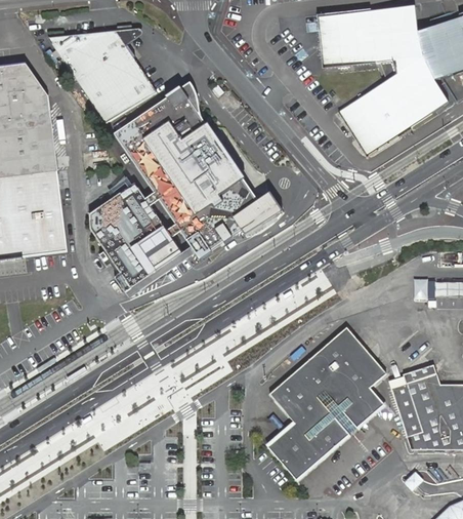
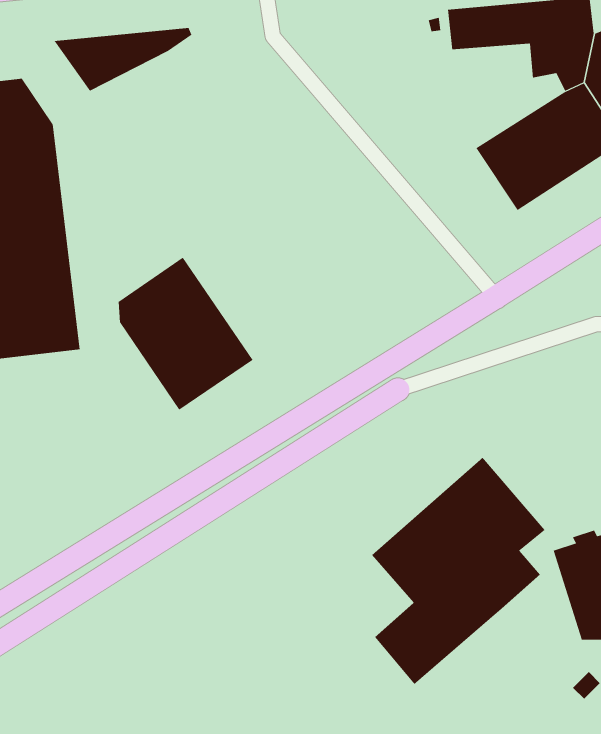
building: [321,38,376,67] -> none
building: [72,43,158,120] -> none
building: [116,83,268,260] -> none

